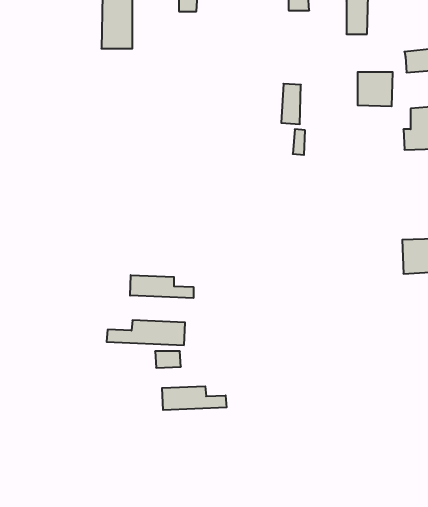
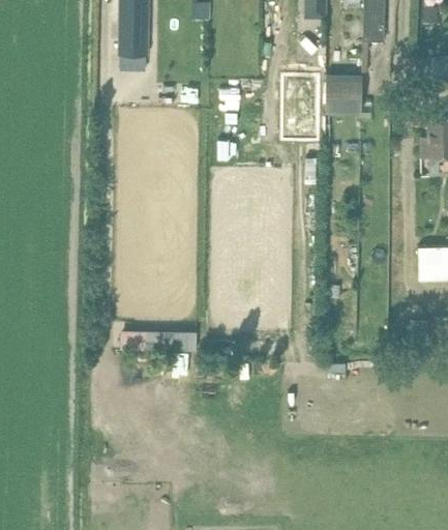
building: [358,72,393,106] -> [327,79,362,113]
building: [130,275,193,298] -> none
building: [162,386,227,410] -> none

